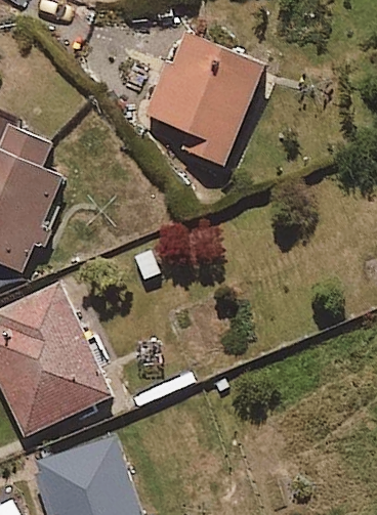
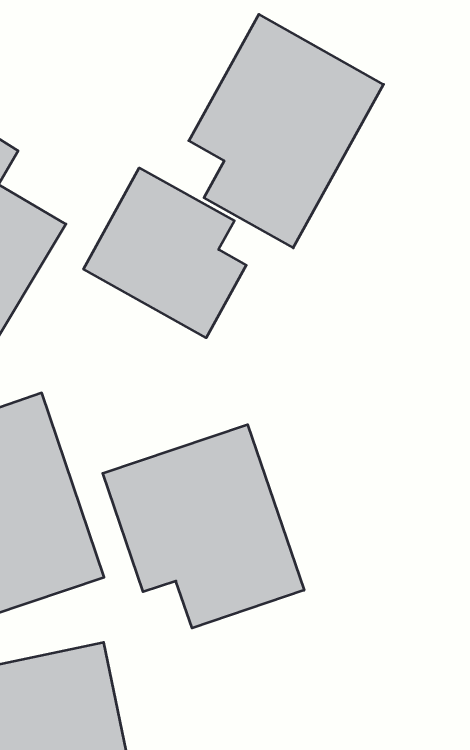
building: none -> [84,168,246,338]
building: none -> [103,425,304,628]

